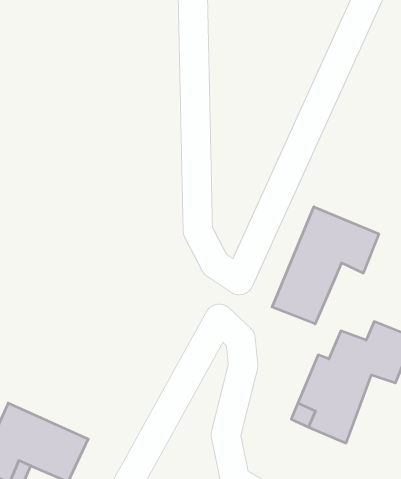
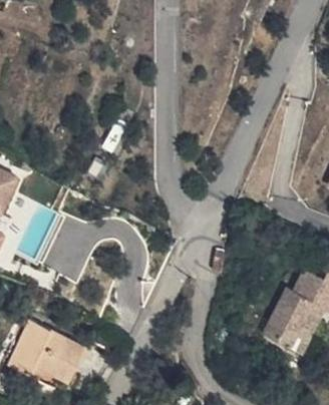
building: [272,207,379,324] -> none

